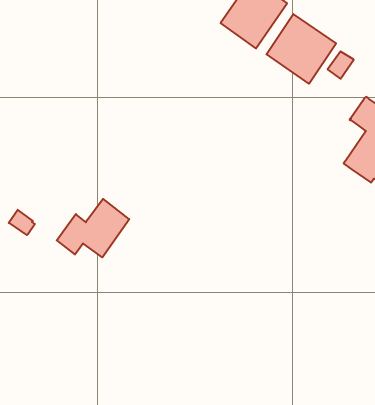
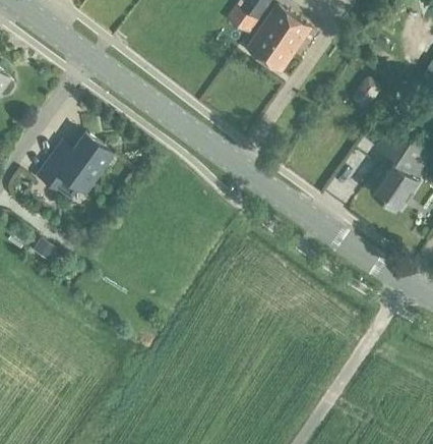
building: [266,14,336,84] -> none
building: [57,199,129,257] -> [37,134,110,193]

